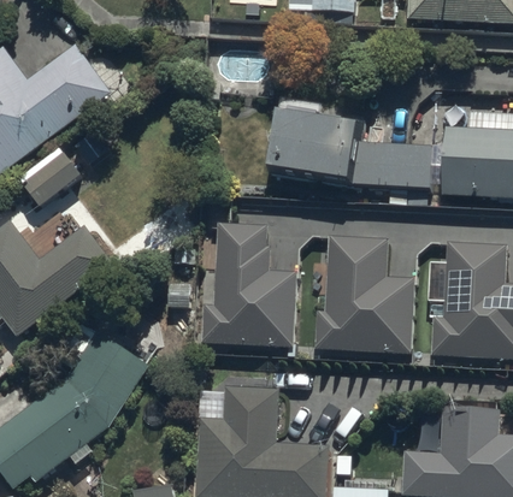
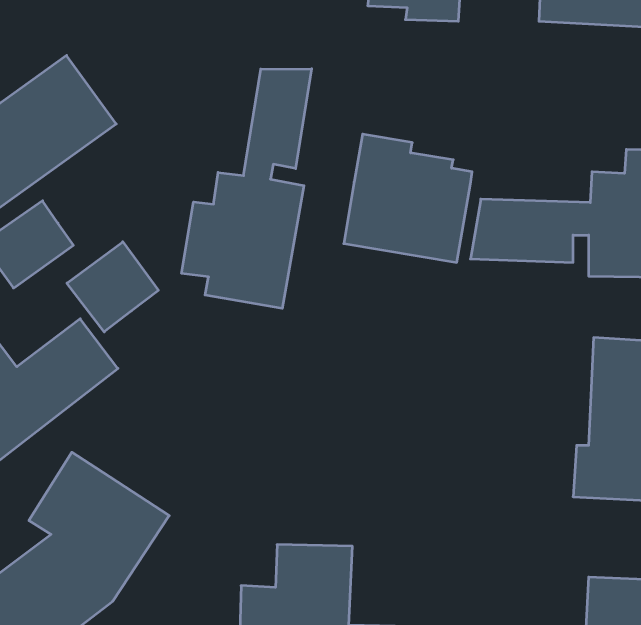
building: none -> [182,69,312,308]
building: none -> [67,242,158,332]
building: [202,224,296,345] -> none
building: [313,237,413,351] -> none

